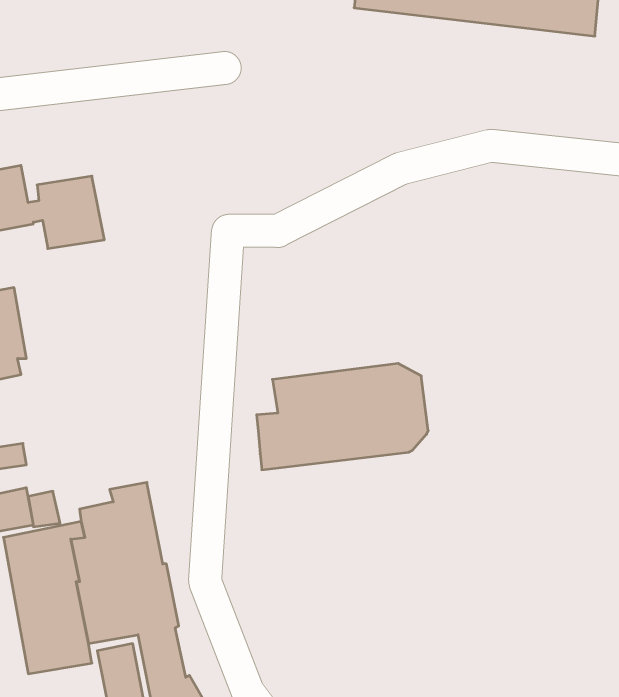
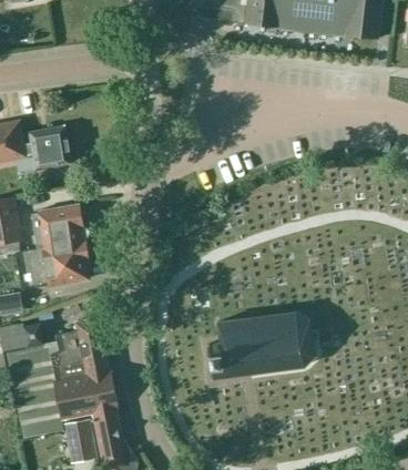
building: none -> [16,205,89,289]
building: [257,363,428,470] -> [207,311,315,378]

